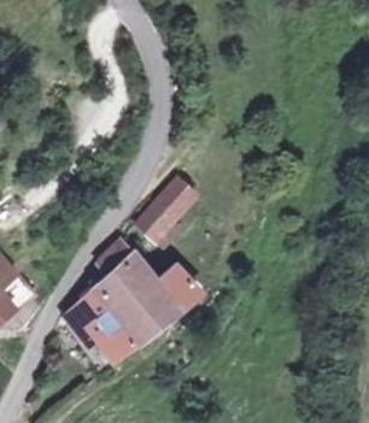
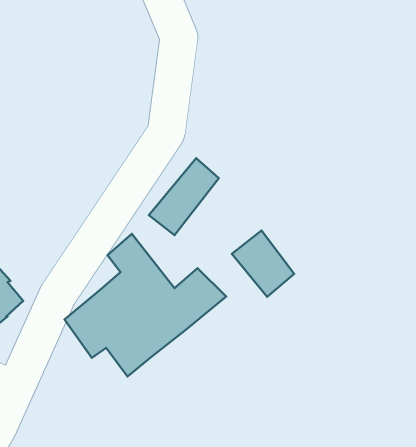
building: none -> [232,230,294,297]

